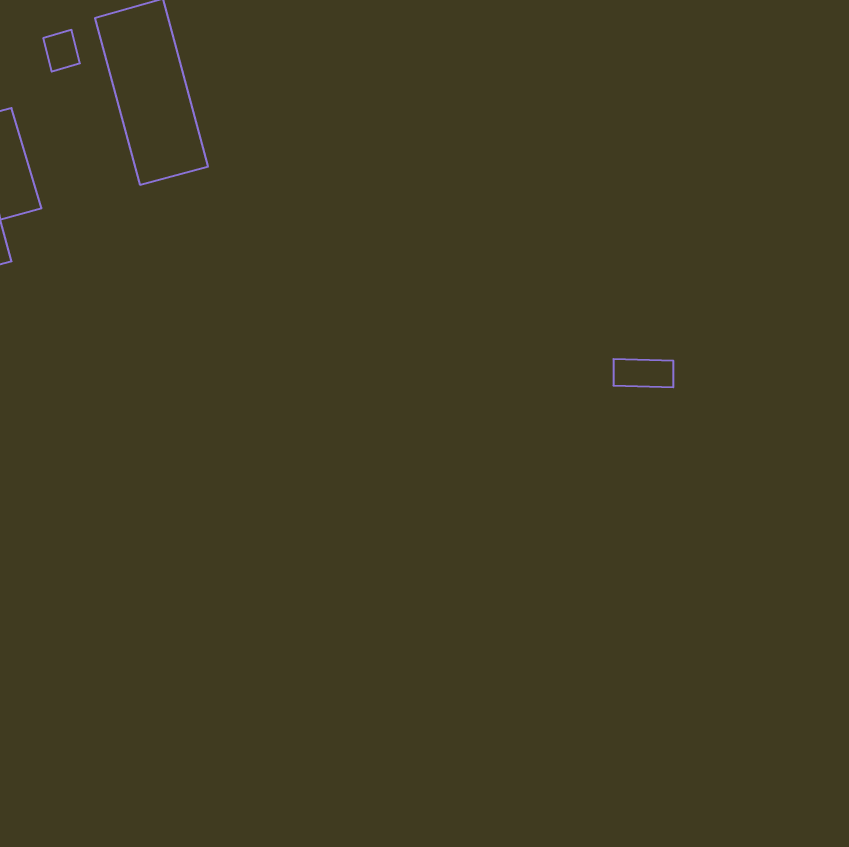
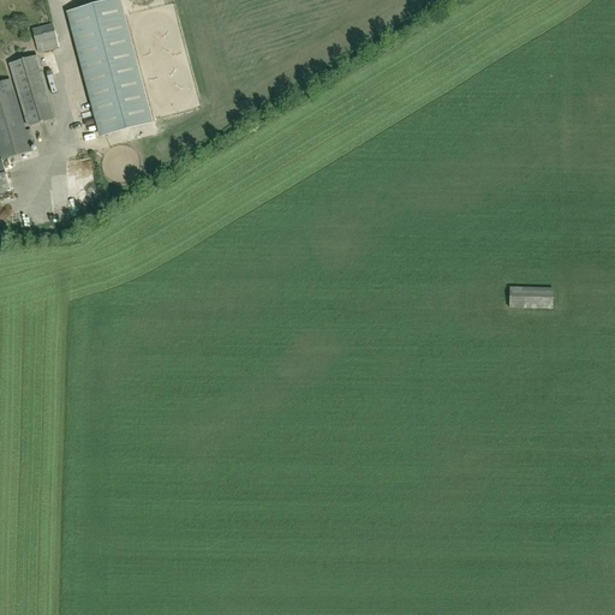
building: none -> [8,54,54,125]
building: [613,359,673,387] -> [508,286,551,306]

